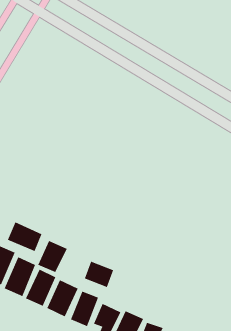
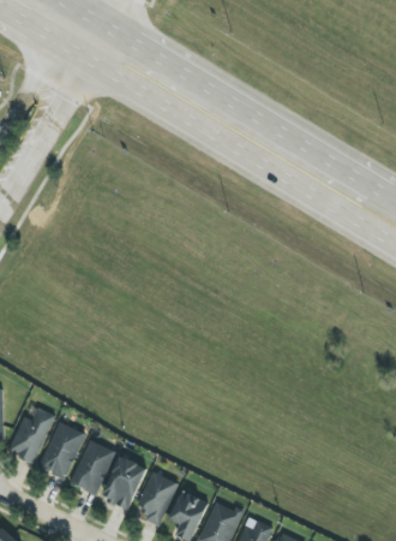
building: [7,222,42,252] -> none
building: [37,240,68,273] -> none
building: [84,261,114,288] -> none

